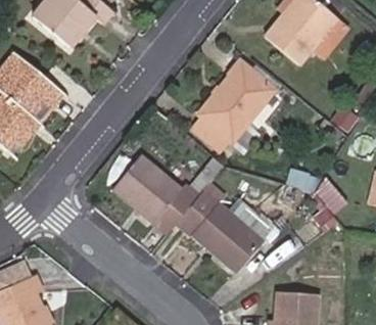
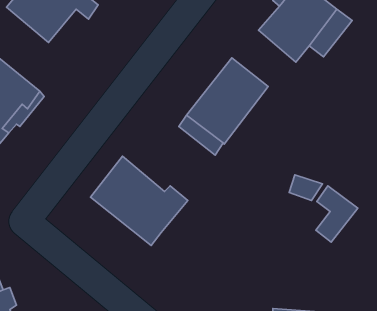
building: [174,187,263,273] -> none

